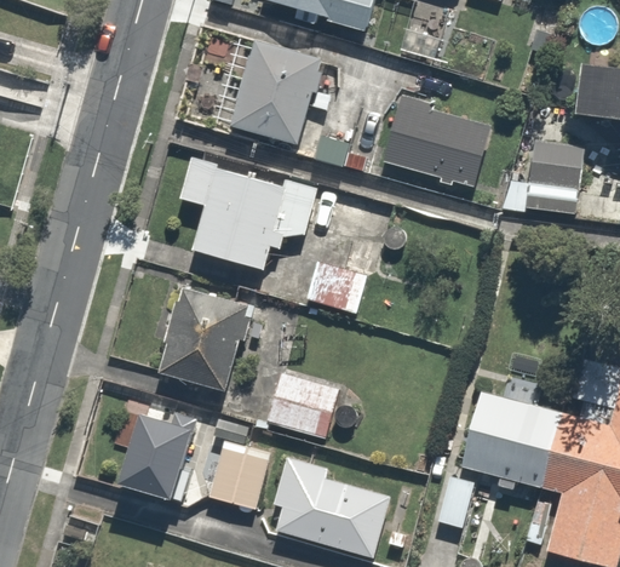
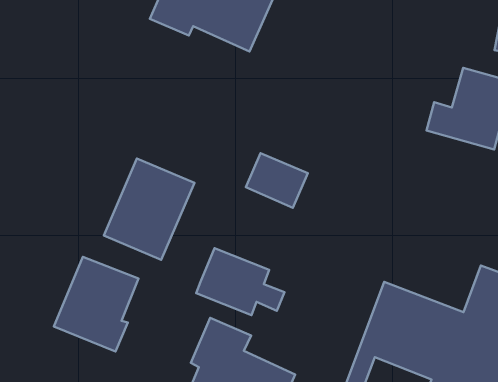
building: [383,96,490,188] -> none
building: [178,155,326,273] -> none
building: [211,422,275,510] -> none

